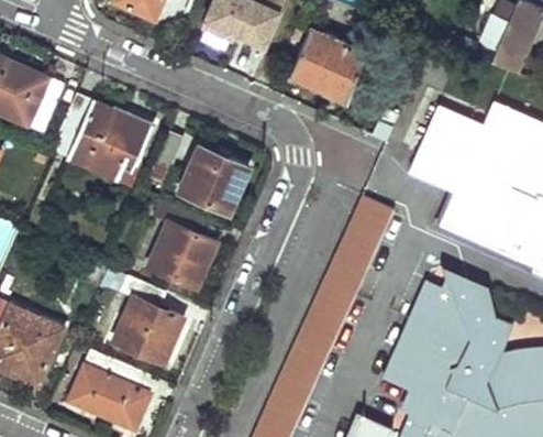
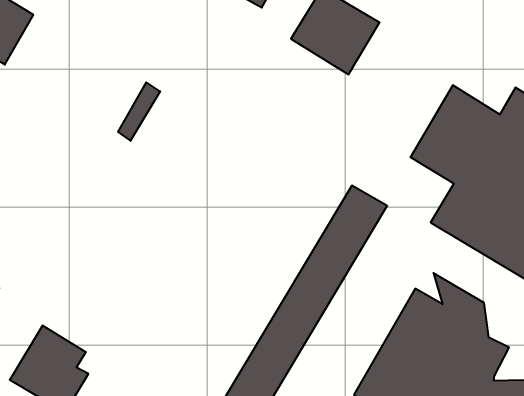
building: [62,91,151,177] -> none
building: [178,145,248,212] -> none
building: [146,199,217,291] -> none
building: [110,274,181,363] -> none

